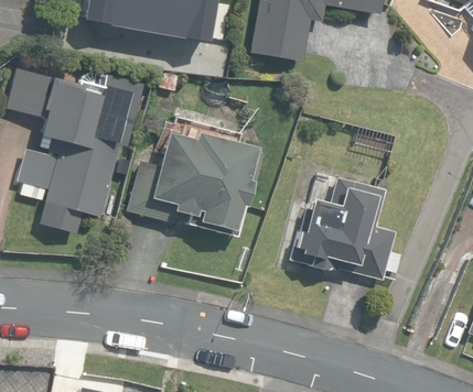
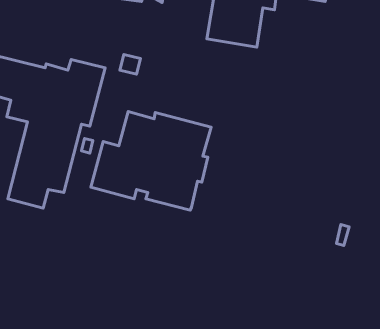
building: [292,176,395,280] -> none

